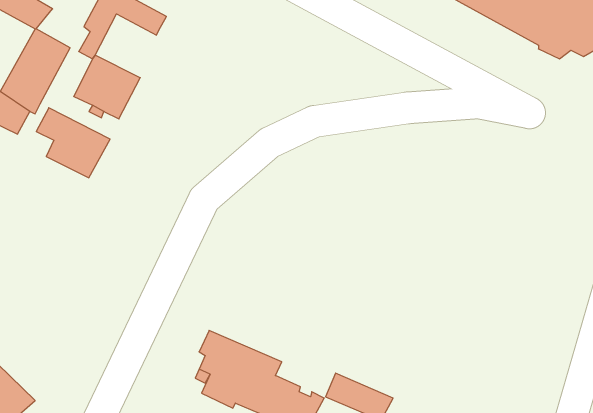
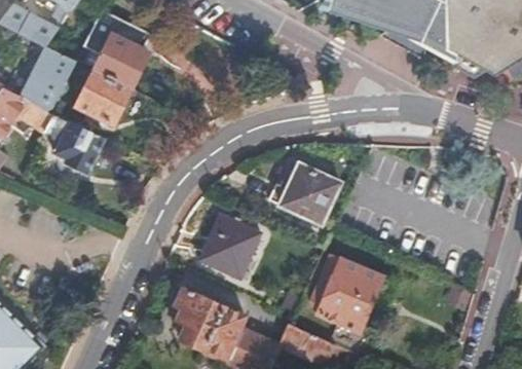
building: none -> [91,34,146,86]
building: none -> [277,164,337,224]
building: none -> [197,217,257,280]
building: none -> [311,258,393,332]

